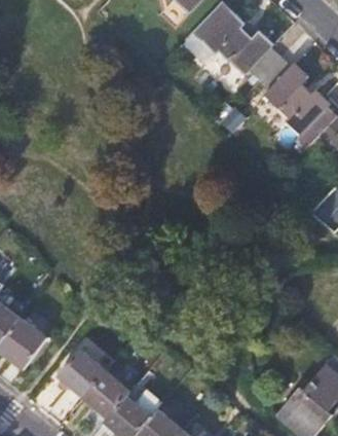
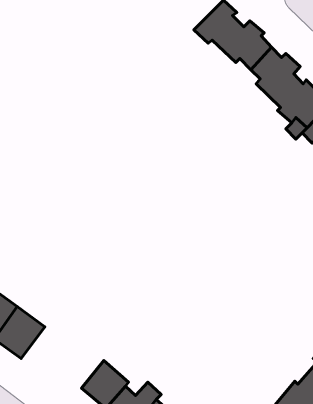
building: [54,343,107,396] -> none

